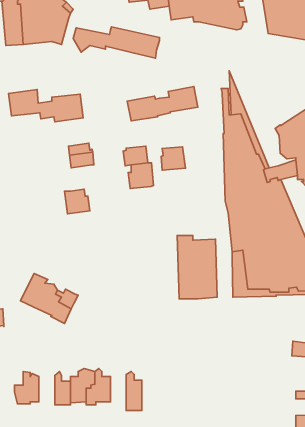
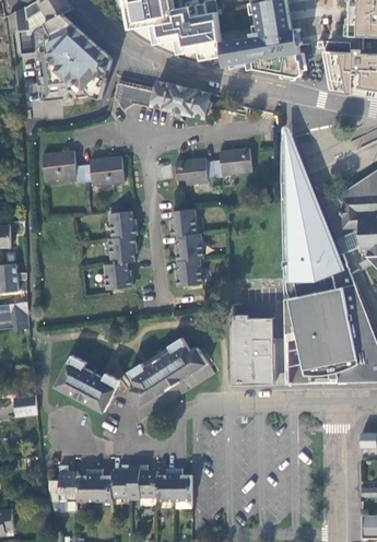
building: [161,147,186,170] -> [176,258,203,284]
building: none -> [107,234,137,263]
building: none -> [127,337,212,421]
building: none -> [155,464,173,502]
building: none -> [75,466,93,502]

